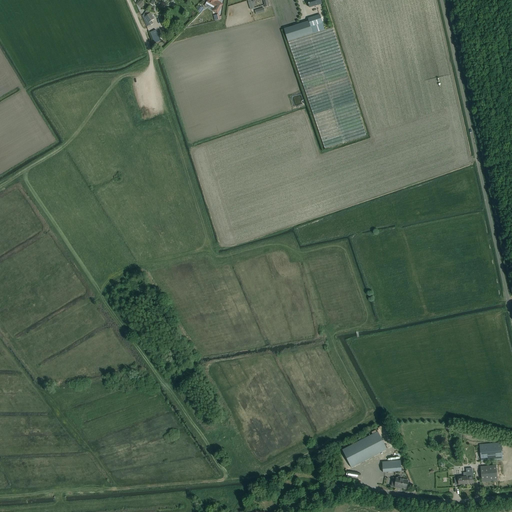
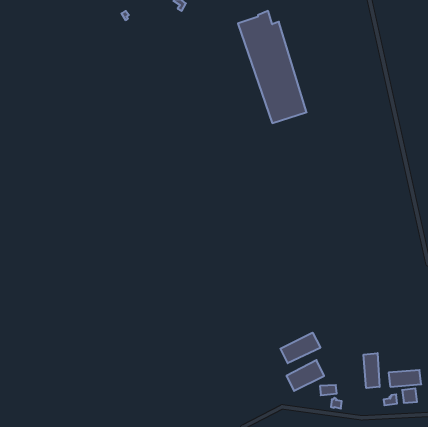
building: none -> [280,333,320,363]
building: none -> [364,353,380,388]

